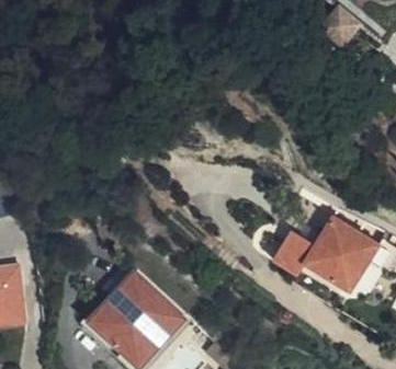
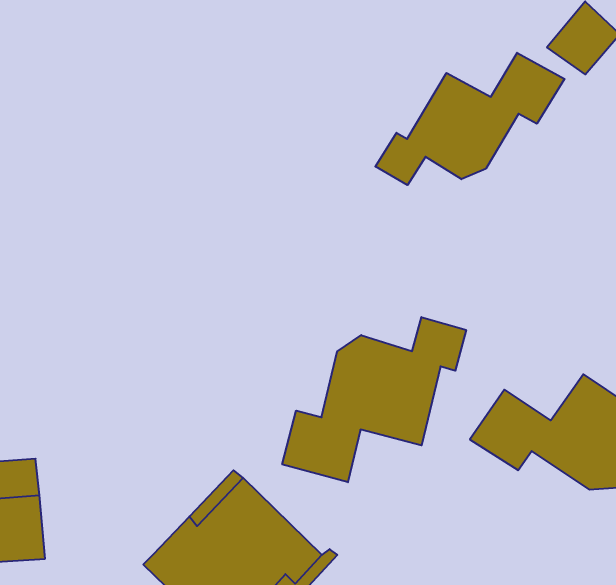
building: none -> [375,53,565,185]
building: none -> [282,317,466,482]

